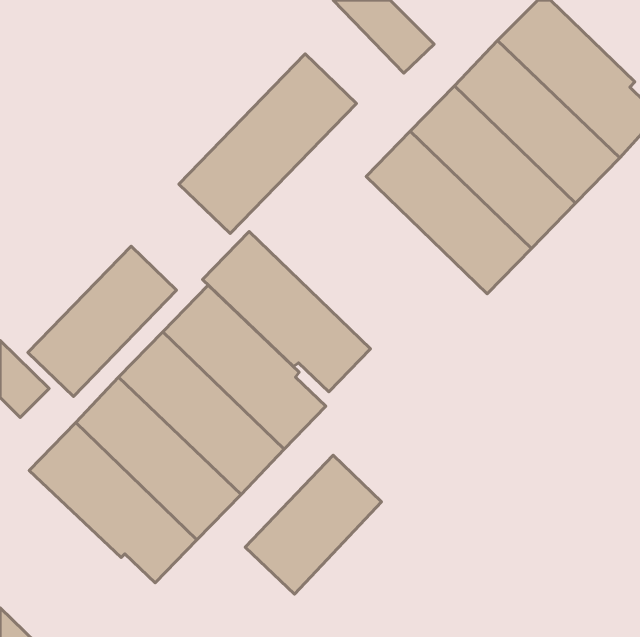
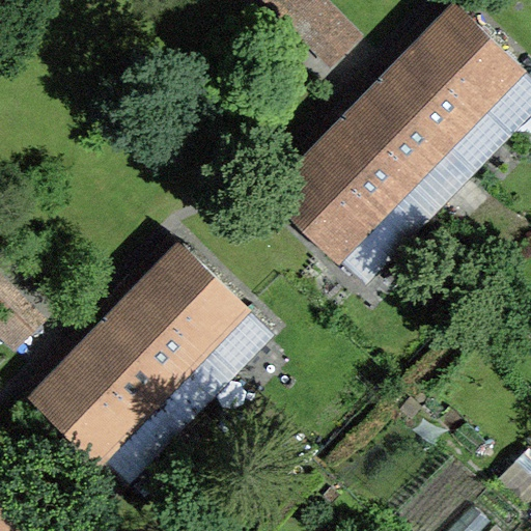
building: [179,54,357,234] -> none
building: [203,232,370,392] -> [267,151,404,283]
building: [28,246,177,397] -> none
building: [245,455,381,594] -> none

